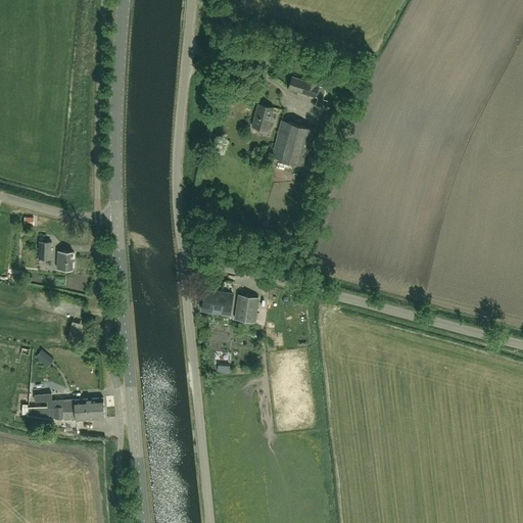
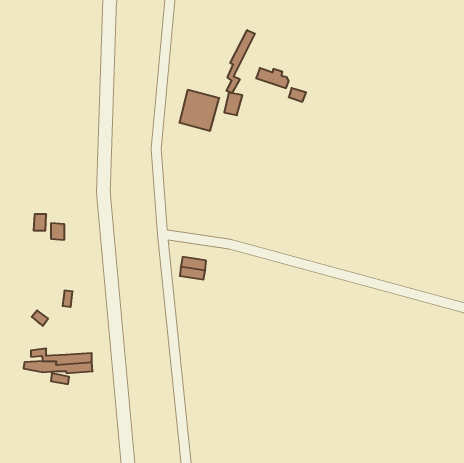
building: none -> [226,30,255,93]
building: [272,121,317,167] -> [179,90,219,131]
building: [235,295,258,323] -> none

